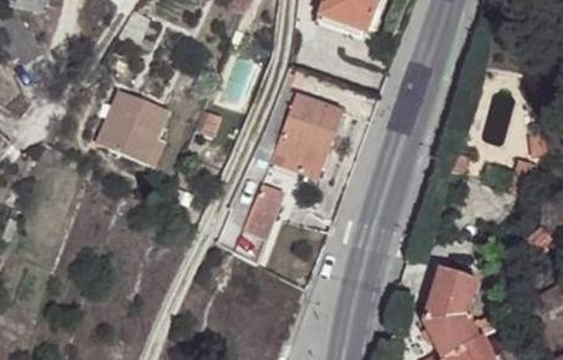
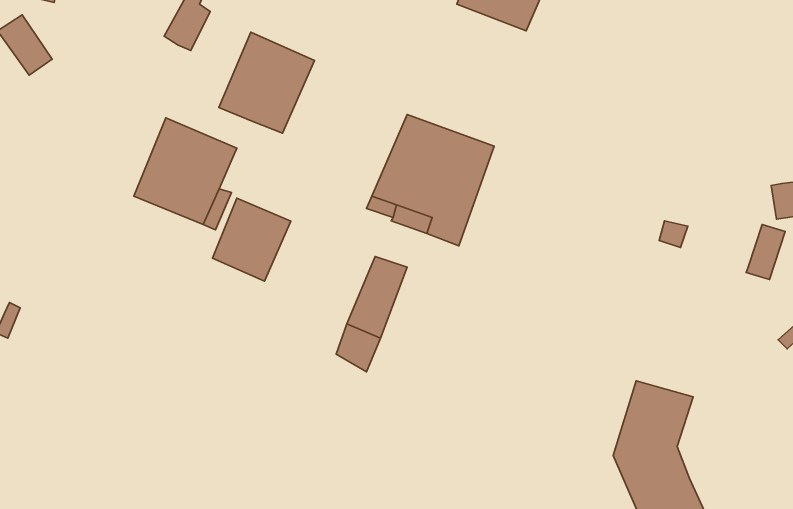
building: none -> [219,32,314,133]
building: none -> [212,198,291,281]

